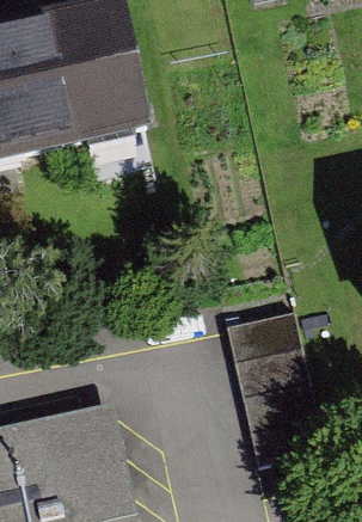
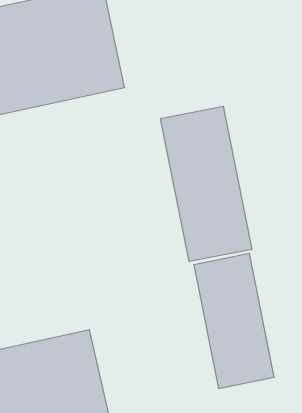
building: none -> [161,106,252,262]

